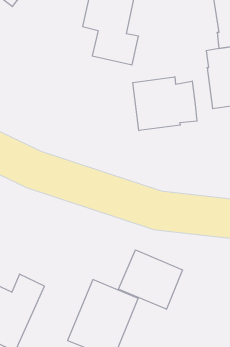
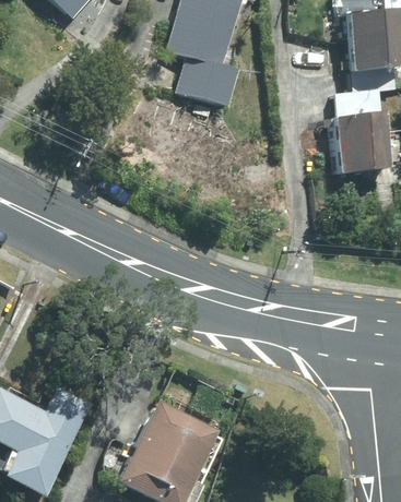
building: [133,77,197,131] -> none
building: [118,250,183,309] -> none

